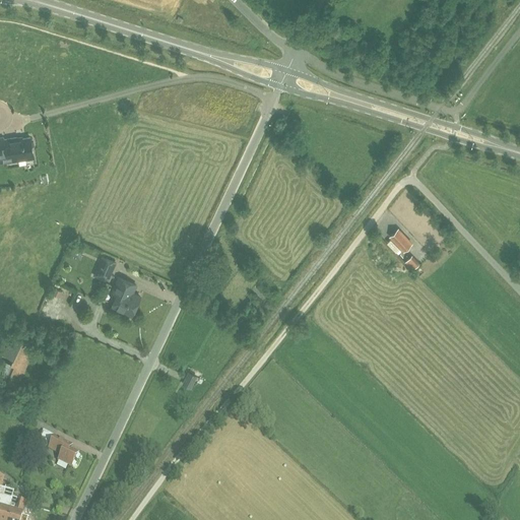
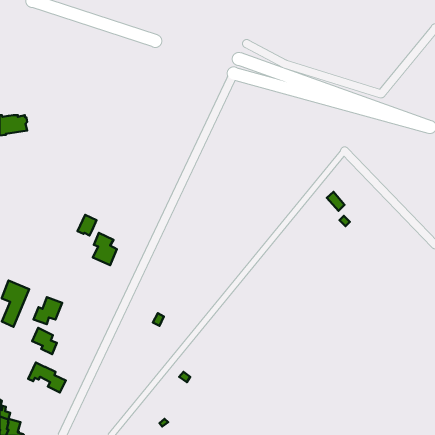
building: none -> [34,297,62,324]
building: none -> [32,328,57,354]

